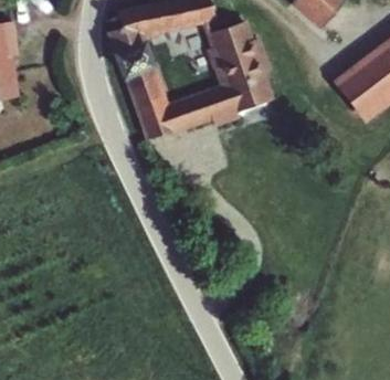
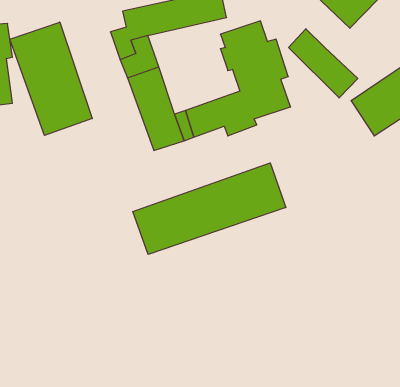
building: none -> [10,22,92,135]
building: none -> [289,29,358,98]
building: none -> [133,163,286,254]

